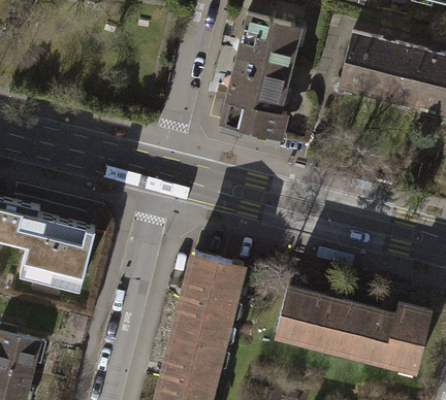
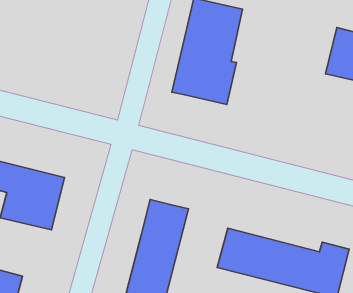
building: [337,33,415,104] -> none

